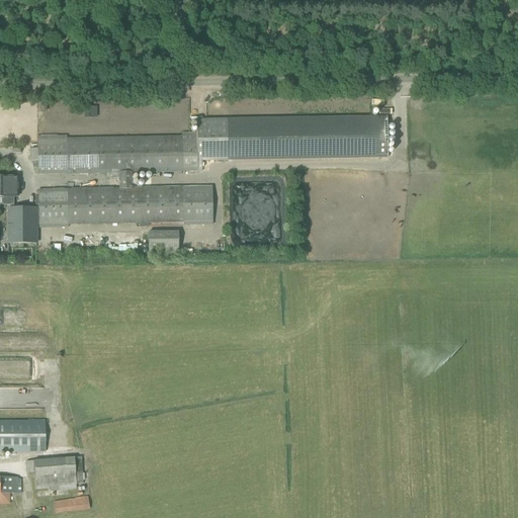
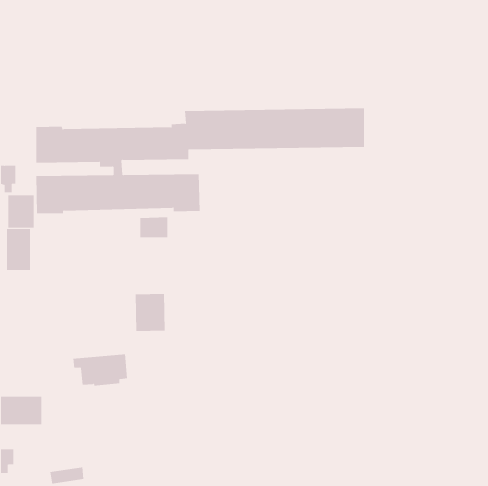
building: none -> [6,228,31,271]
building: none -> [135,293,165,332]
building: [25,455,84,490] -> [72,354,128,386]

